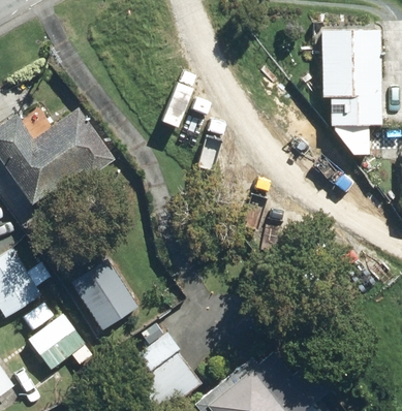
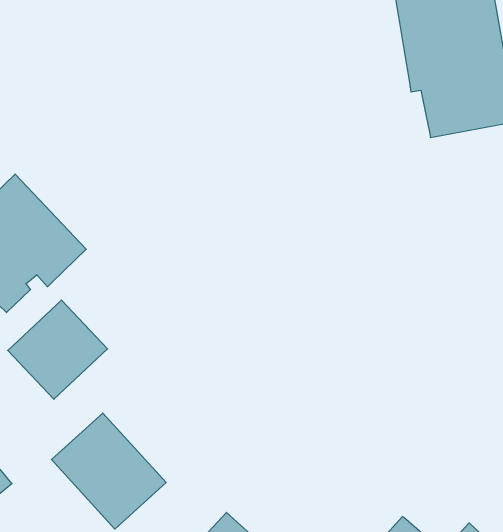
building: none -> [8,300,108,399]

